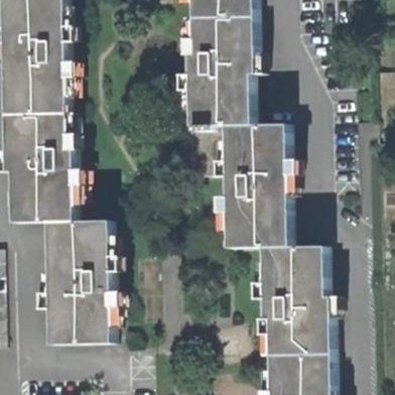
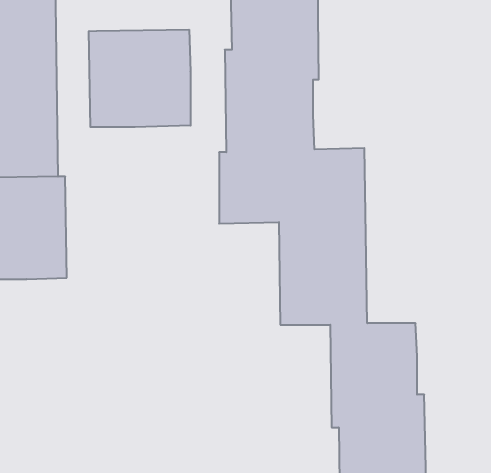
building: none -> [89,30,191,127]
building: [46,217,111,342] -> none

